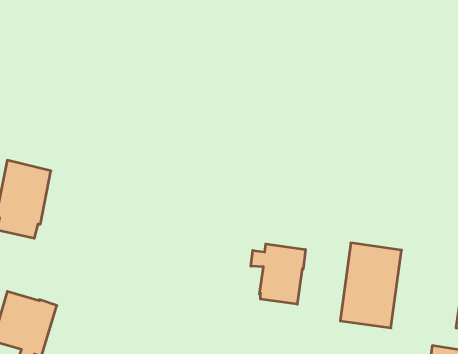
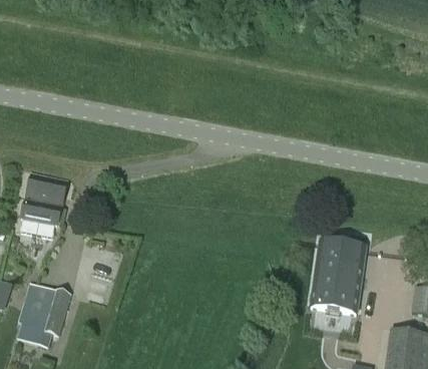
building: [251,244,305,304] -> none

